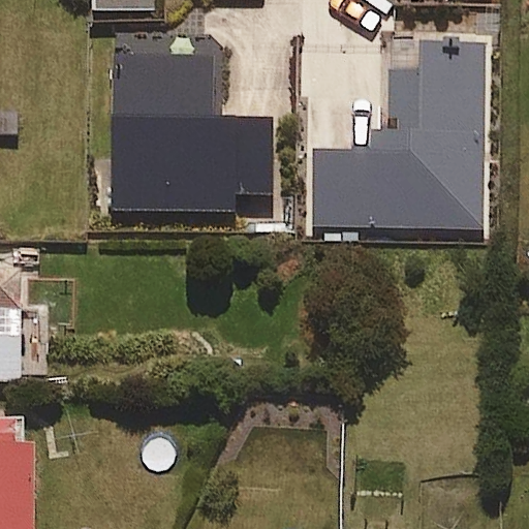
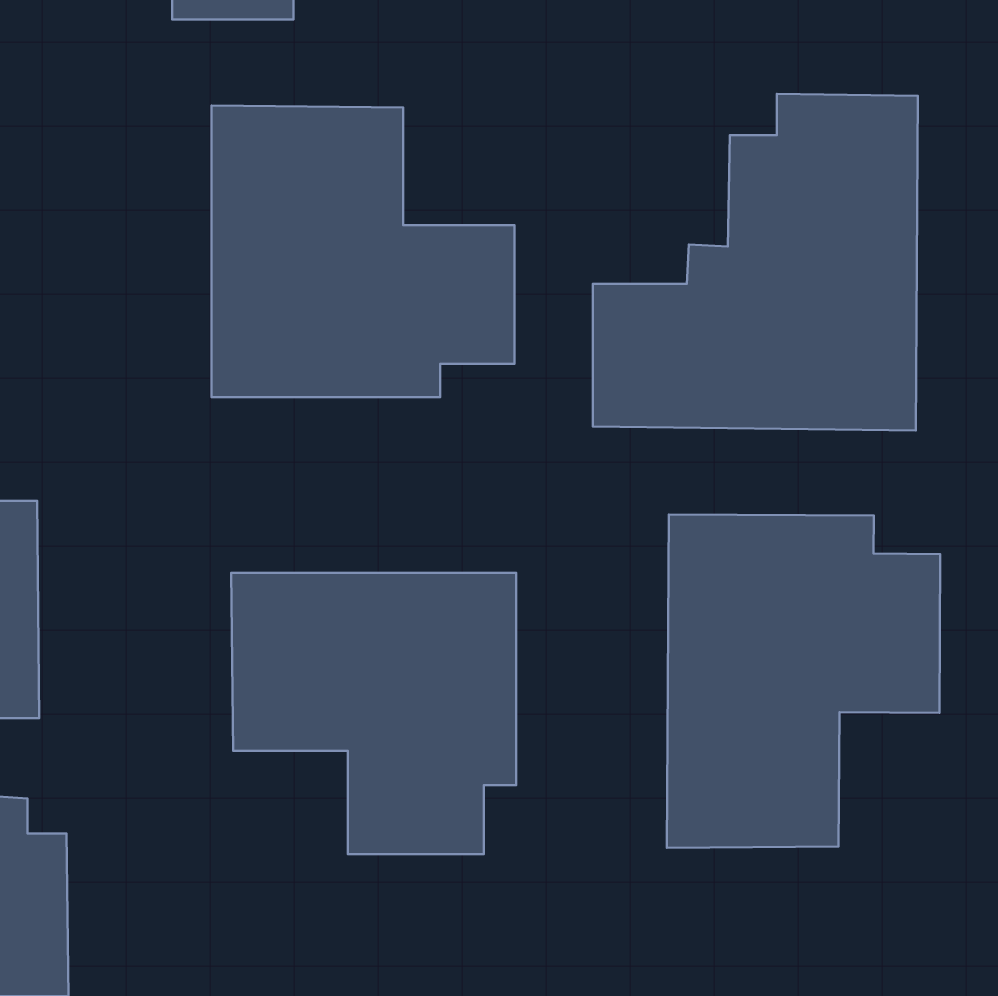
building: none -> [667,514,940,848]
building: none -> [231,573,516,854]

